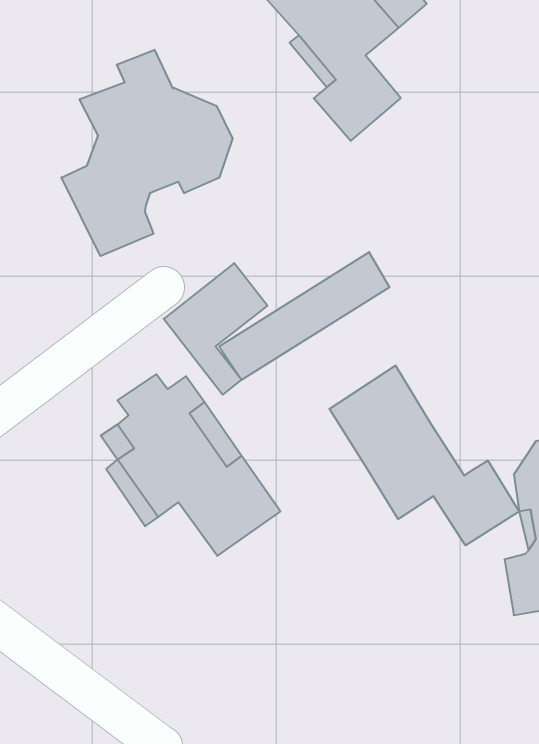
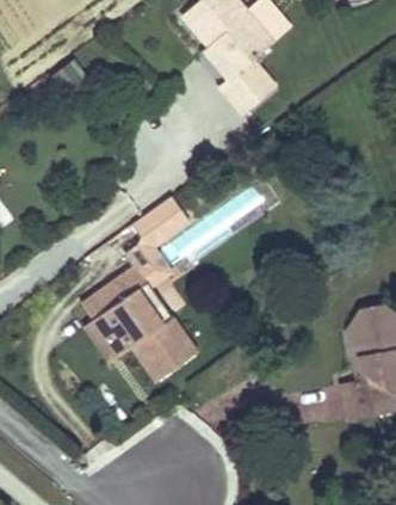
building: [61,50,233,256] -> none
building: [329,365,519,545] -> none

